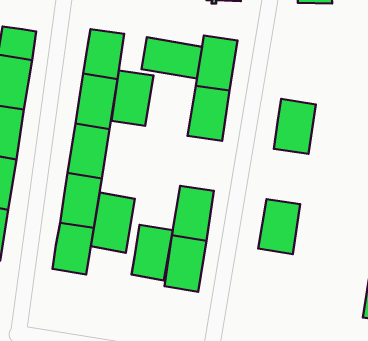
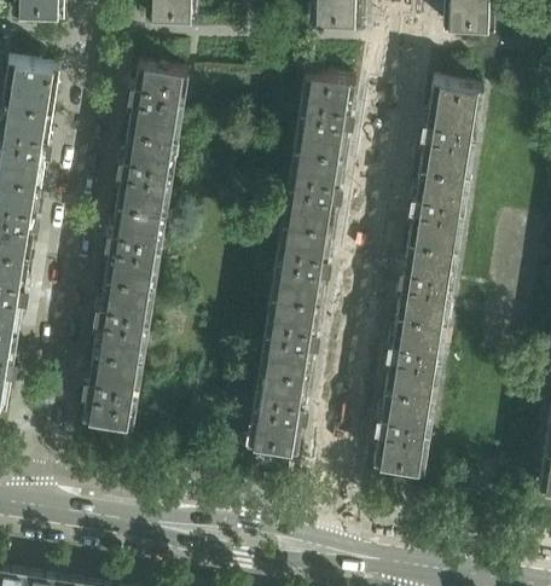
building: [142,37,202,78] -> none
building: none -> [418,85,482,179]
building: [111,71,153,126] -> [269,225,331,306]
building: none -> [396,244,458,325]
building: [91,192,135,253] -> none
building: [131,225,173,280] -> none
building: none -> [372,390,435,474]

